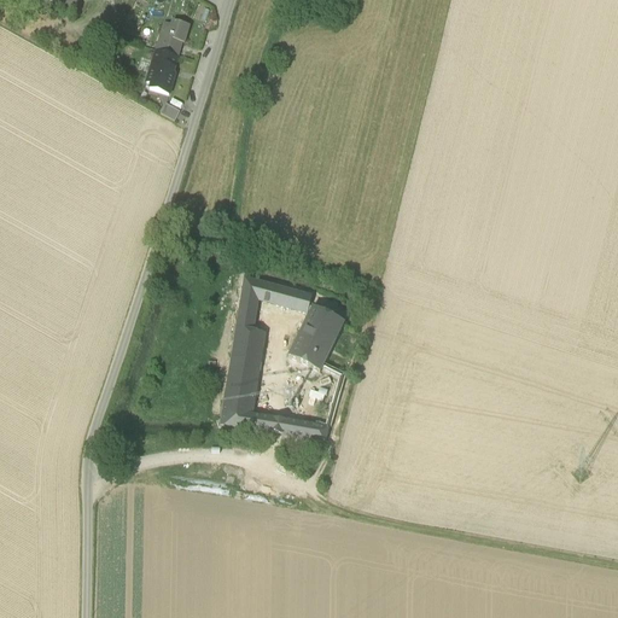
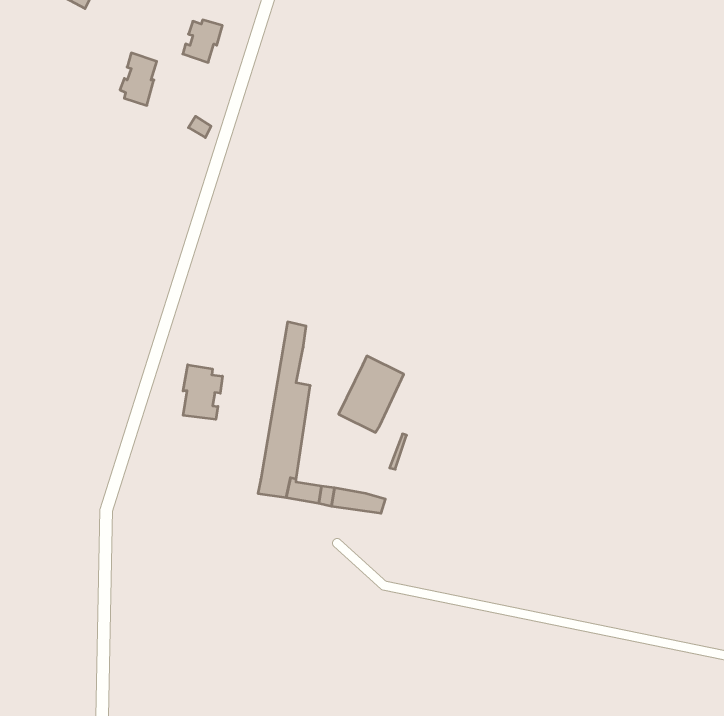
building: [146,46,177,91] -> [120,53,157,105]
building: [258,278,313,310] -> none
building: none -> [183,365,222,419]

